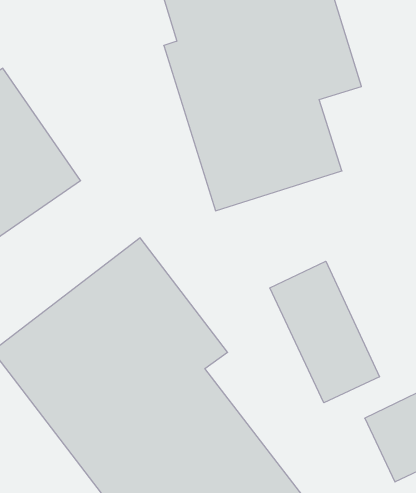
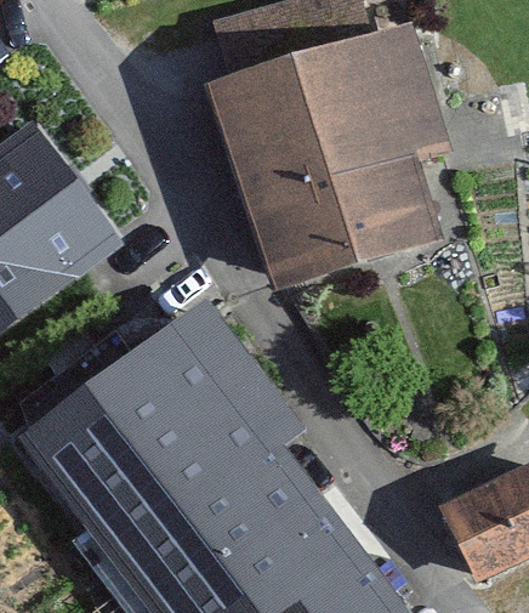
building: [270,261,379,403] -> none

